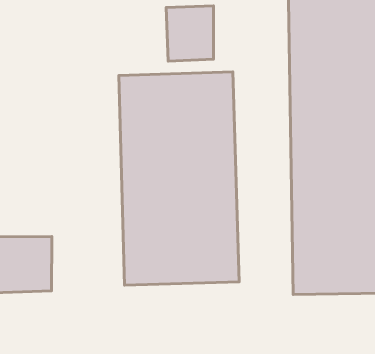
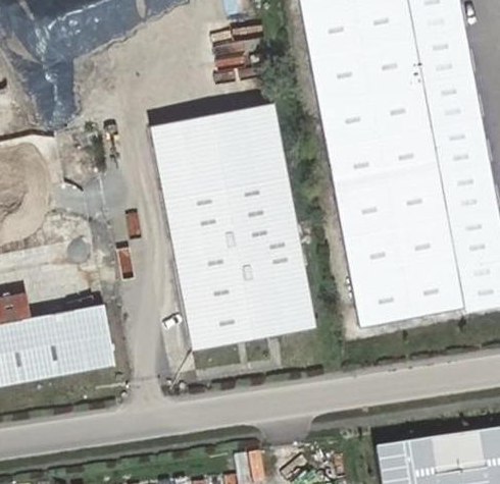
building: [166,6,214,61] -> none

